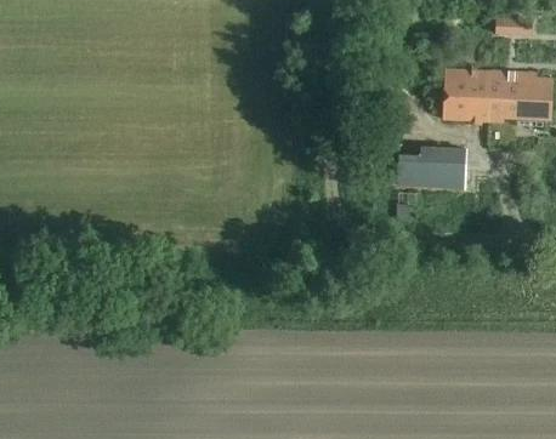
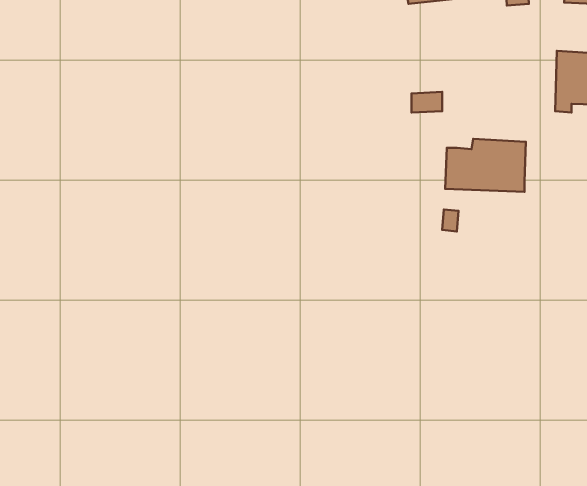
building: [444,69,490,121] -> none

